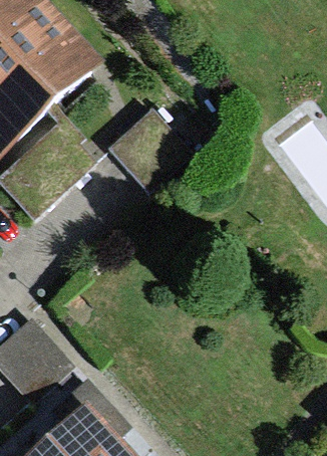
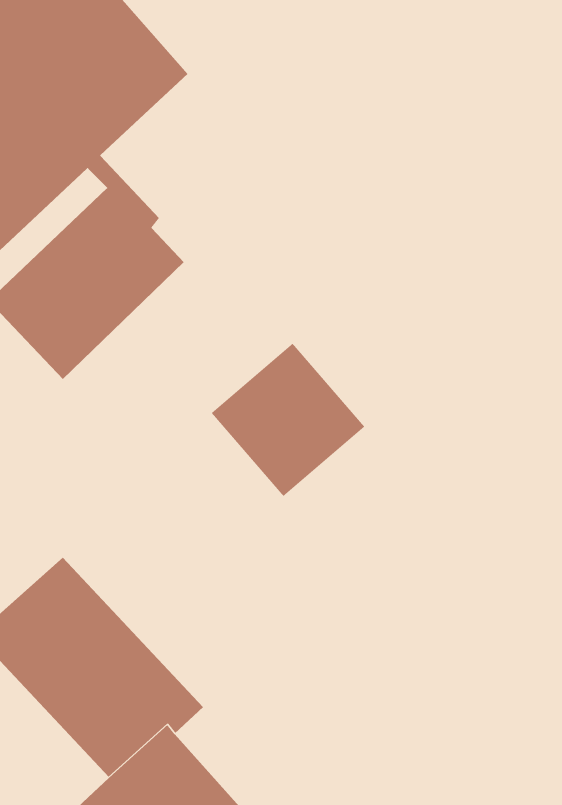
building: [109,110,191,192] -> [211,343,365,497]

